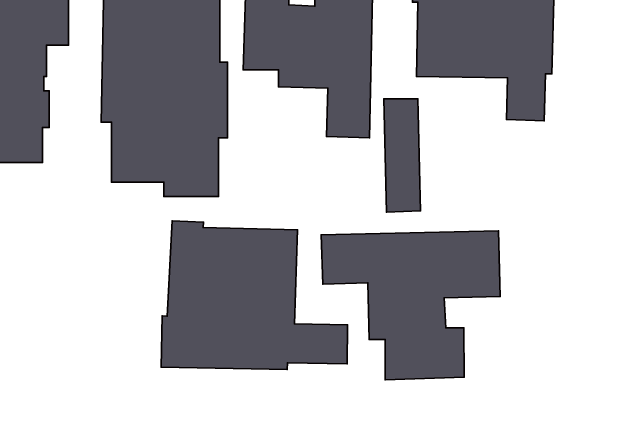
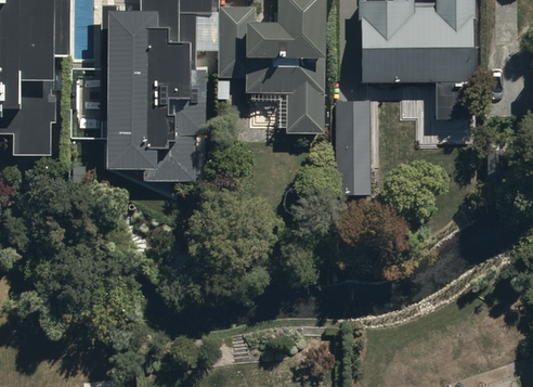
building: [161,221,347,369] -> none
building: [321,231,500,380] -> none

